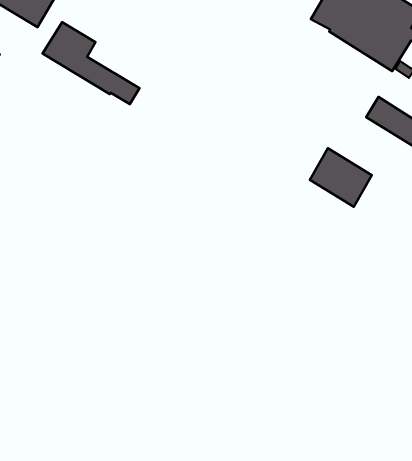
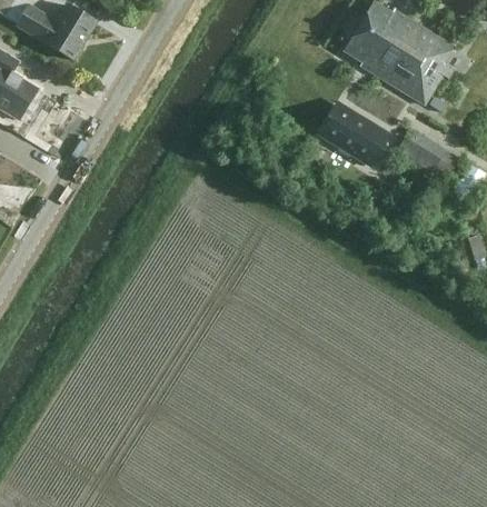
building: [42,22,140,104] -> none
building: [310,148,372,207] -> [325,105,386,162]

